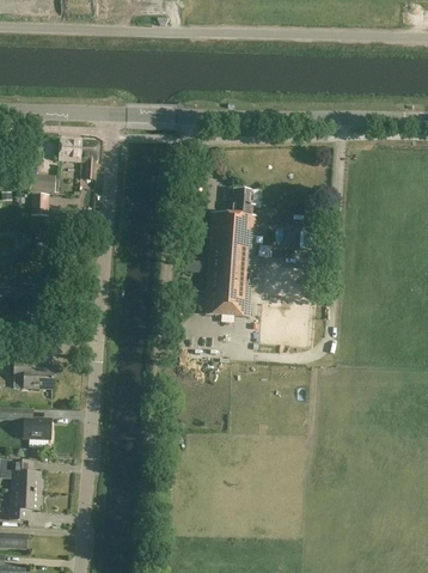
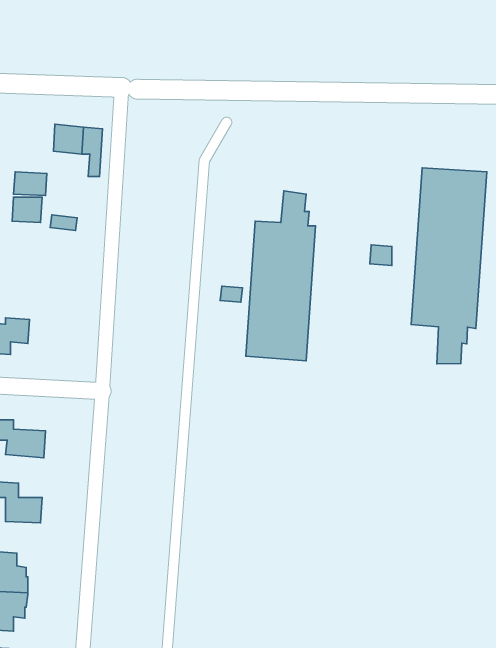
building: none -> [411,168,487,364]

